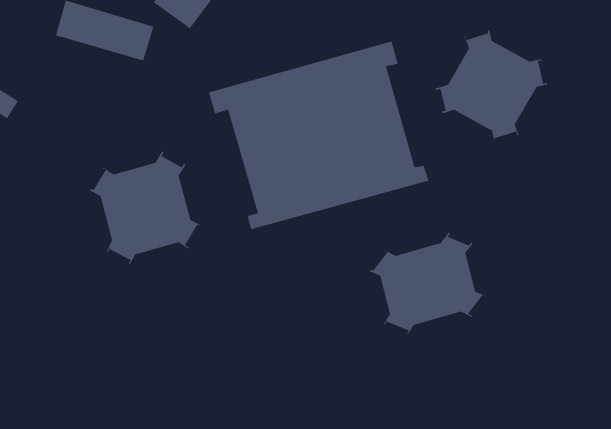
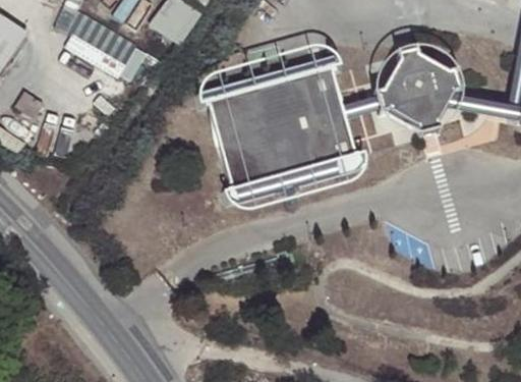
building: [89,150,202,265] -> none
building: [368,232,487,335] -> none

